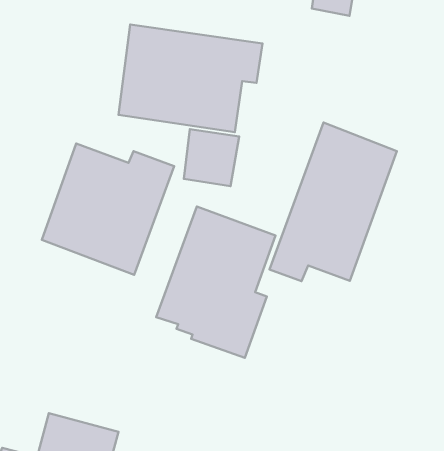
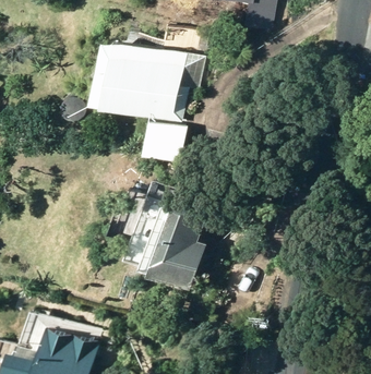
building: [269,123,397,281] -> none
building: [42,144,174,275] -> none

